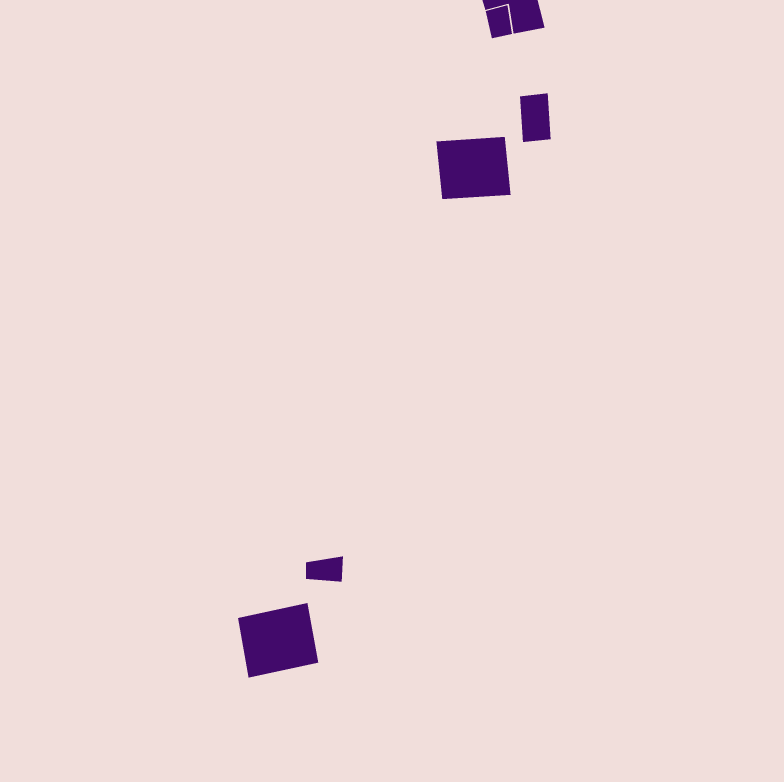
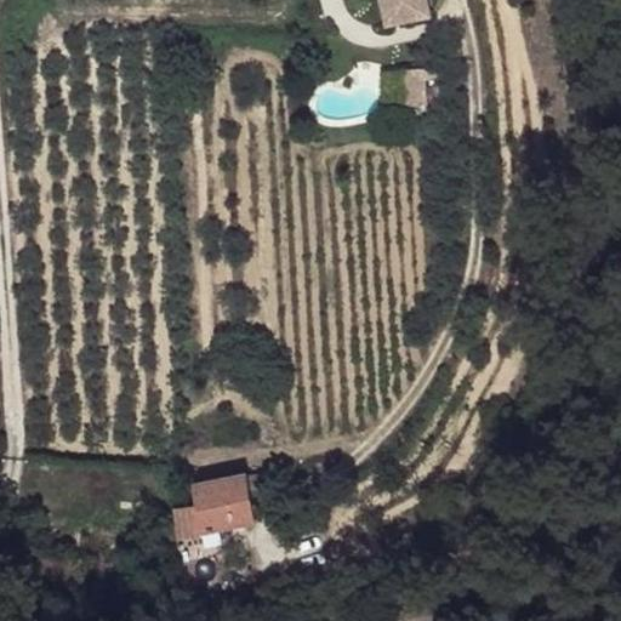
building: [436,136,511,200] -> none

